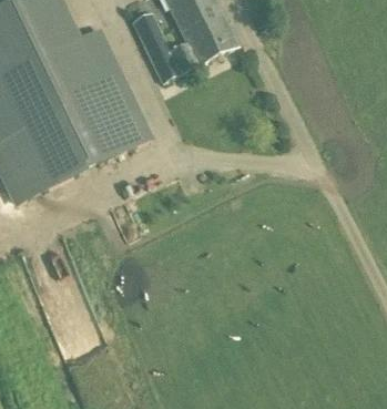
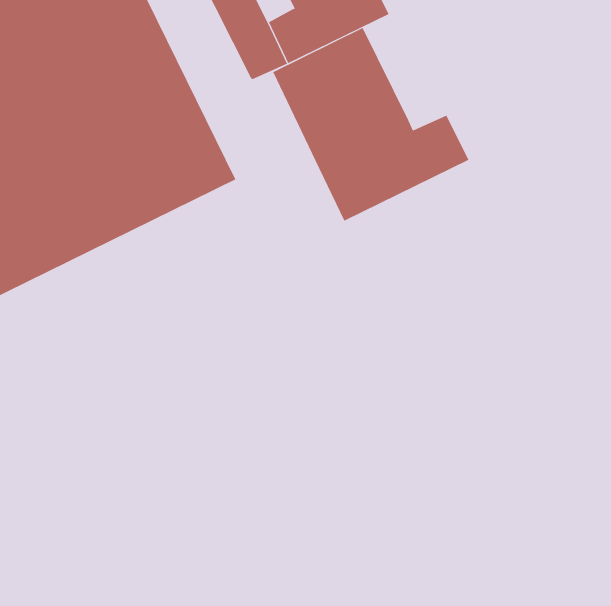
building: none -> [272,27,469,221]

